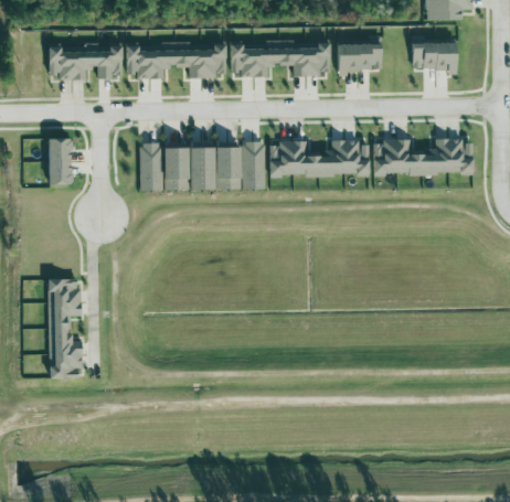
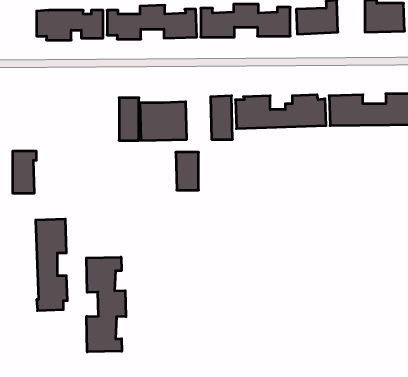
building: [47,138,74,184] -> [13,151,36,193]
building: [215,147,241,189] -> [176,152,199,190]
building: none -> [86,257,126,352]

